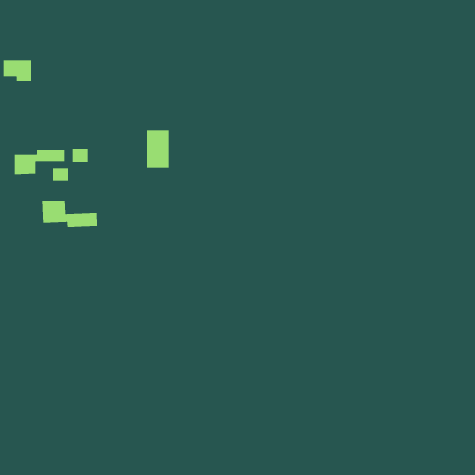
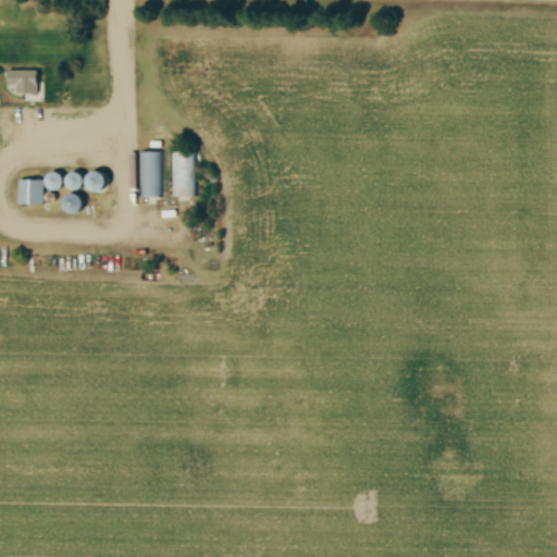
building: none -> [140,152,162,198]
building: [42,200,98,228] -> none

